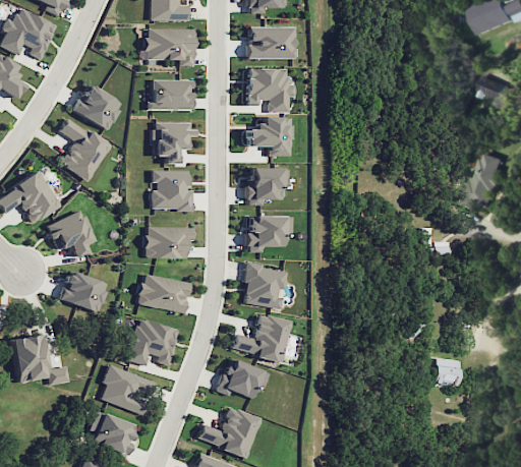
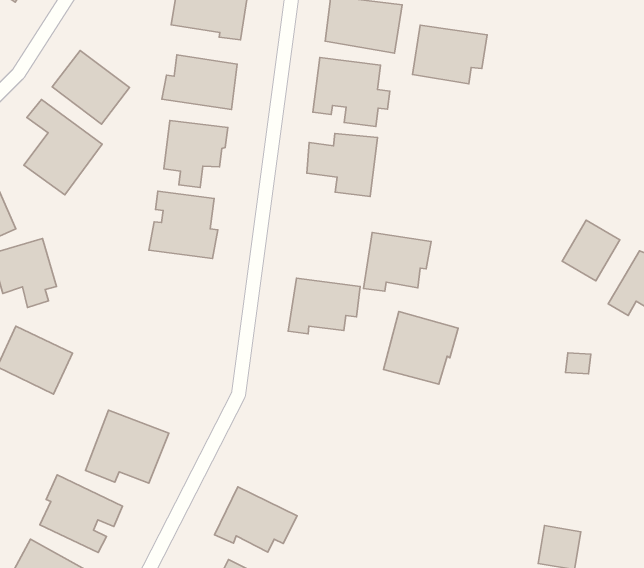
building: none -> [412,25,487,84]
building: none -> [562,220,620,281]
building: [248,167,289,205] -> [364,233,431,291]
building: [144,226,192,258] -> none
building: [242,264,288,308] -> [384,311,458,384]
building: [137,274,190,312] -> none
building: [231,313,291,361] -> none

